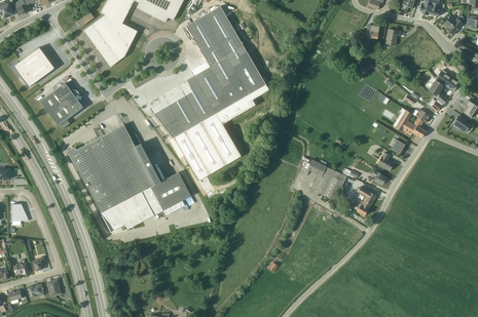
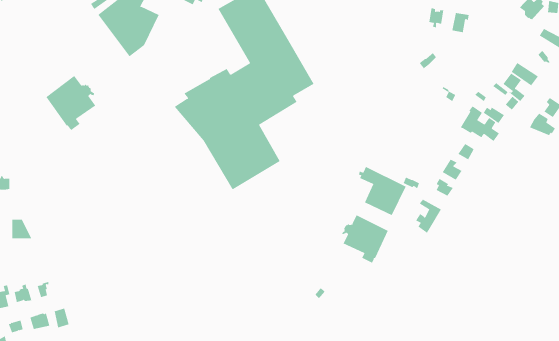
building: [12,46,54,86] -> none
building: [67,123,190,231] -> none
building: none -> [341,214,389,263]

